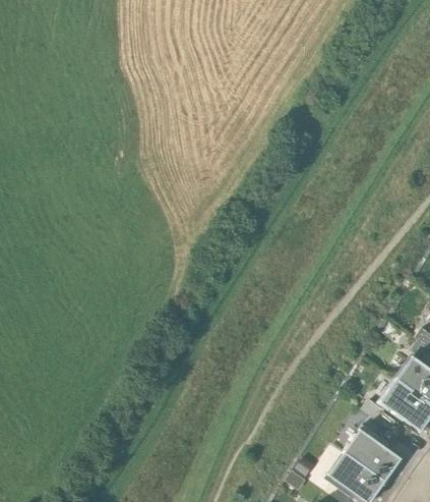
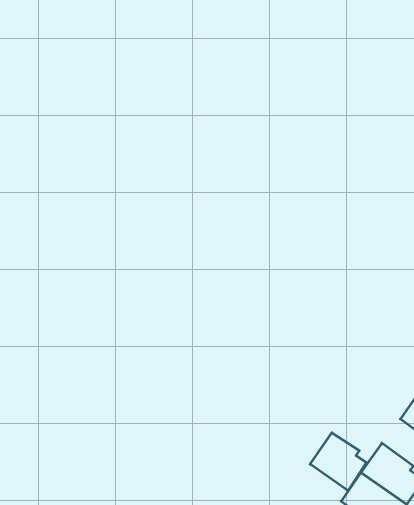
building: none -> [310,433,366,491]

